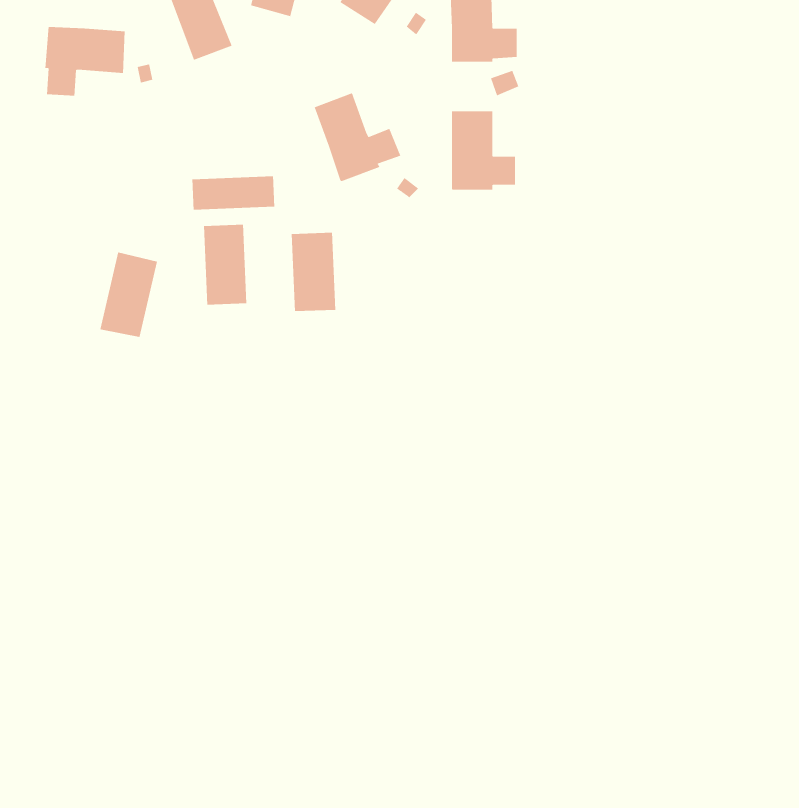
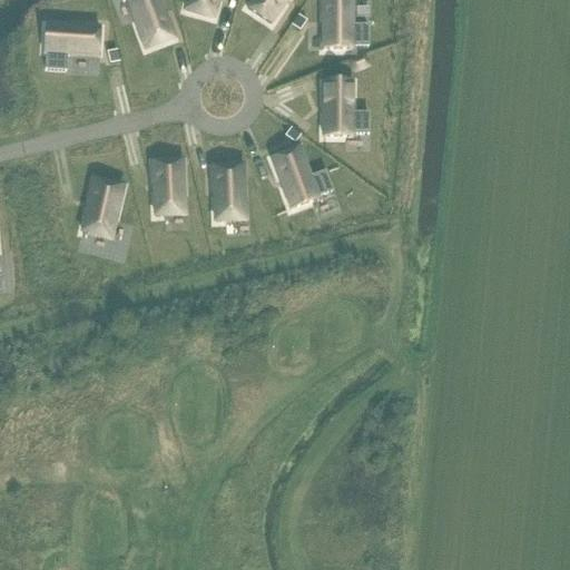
building: [314,93,401,182] -> [271,145,331,206]
building: [192,176,275,211] -> none

